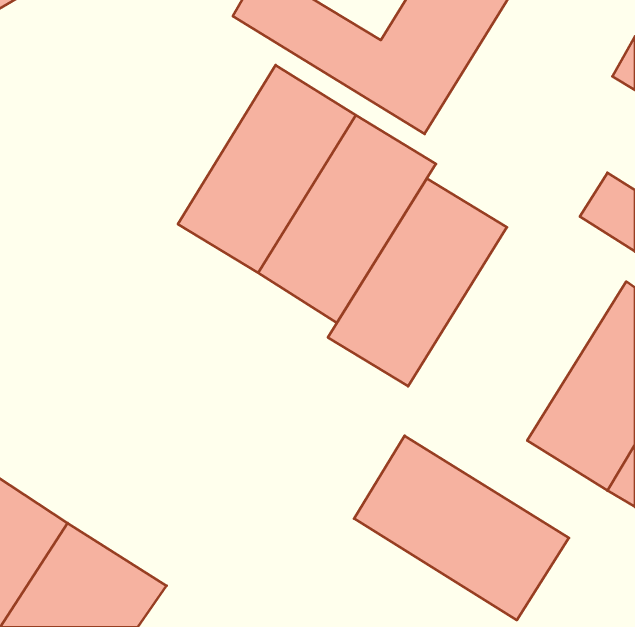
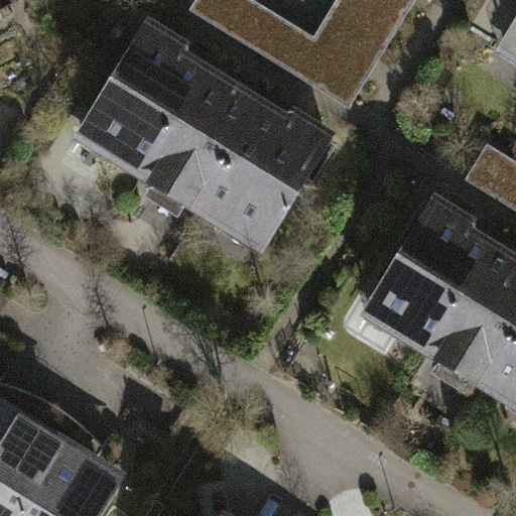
building: none -> [78,13,222,180]
building: [328,178,507,386] -> [360,187,504,355]
building: [354,436,569,620] -> none

